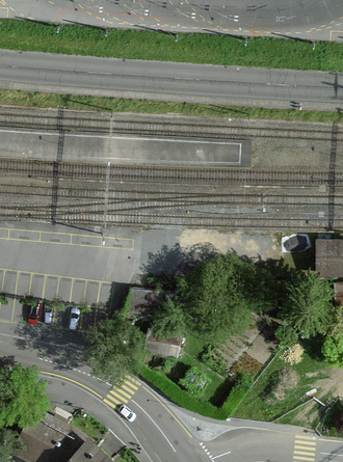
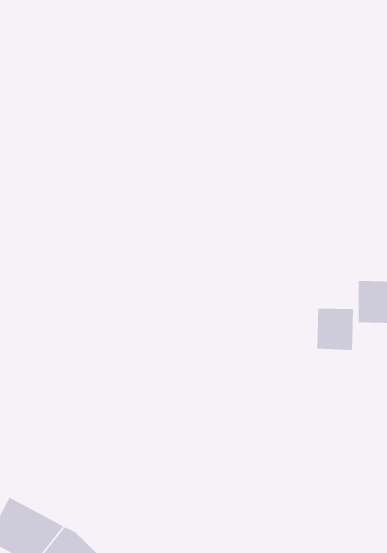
building: none -> [317,308,354,351]

